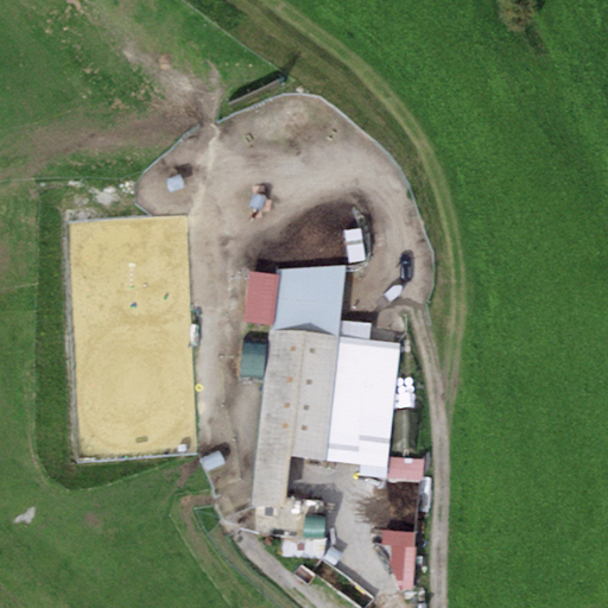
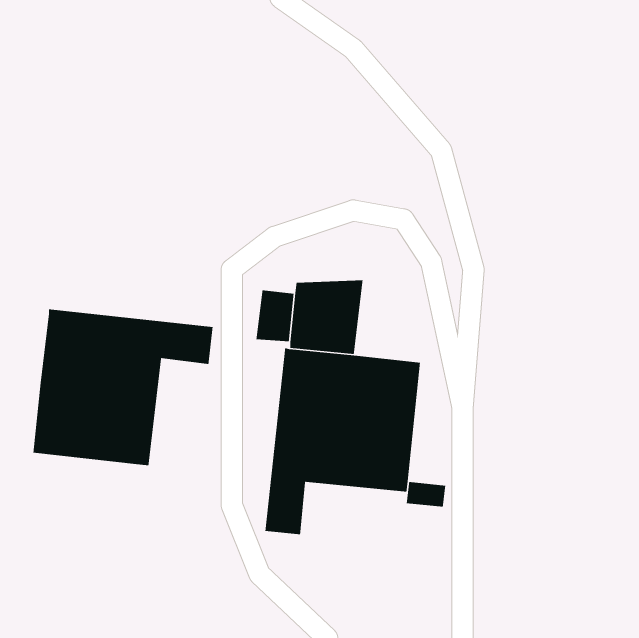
building: none -> [32,308,213,466]
building: [388,536,418,582] -> none

